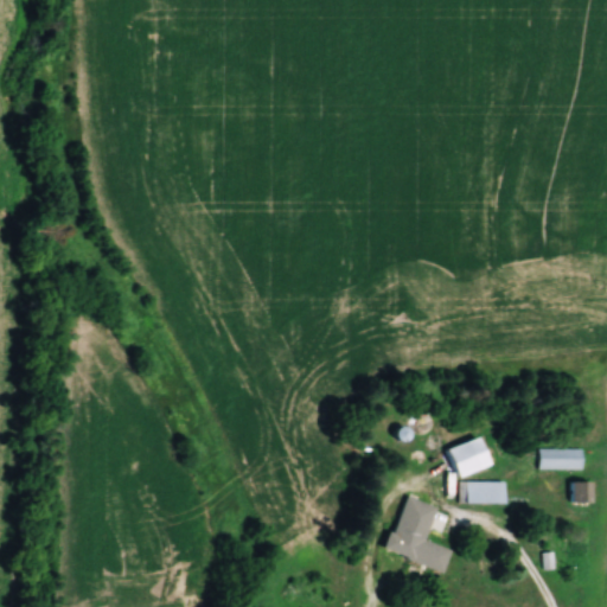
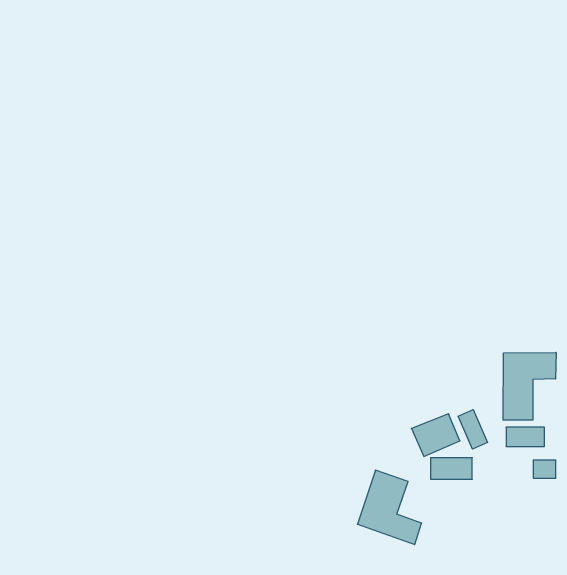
building: none -> [503,352,556,420]
building: none -> [458,410,488,449]

